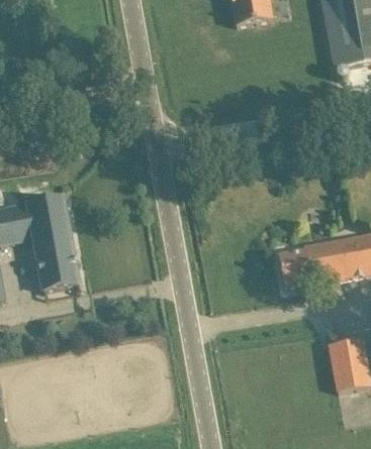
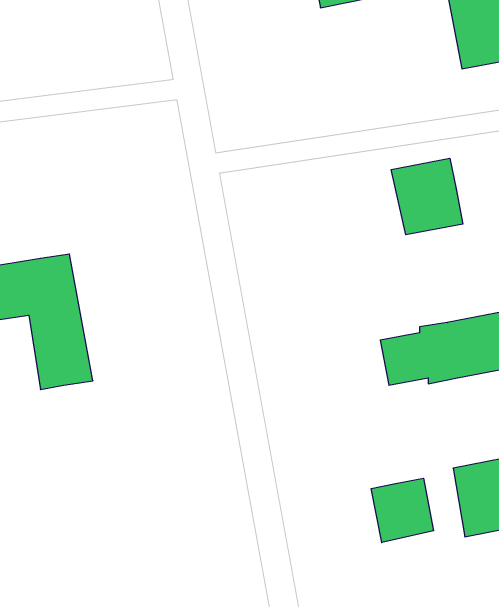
building: none -> [391,158,463,235]
building: none -> [371,478,433,543]

